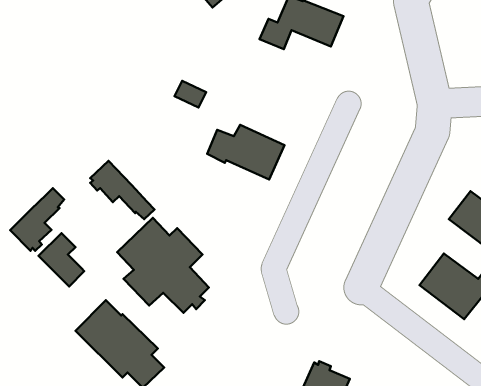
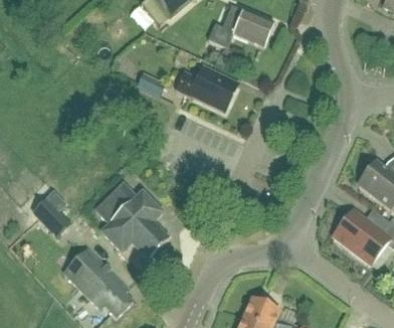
building: [207,125,285,179] -> [176,65,237,109]
building: [90,161,154,219] -> none
building: [10,188,64,251] -> none

